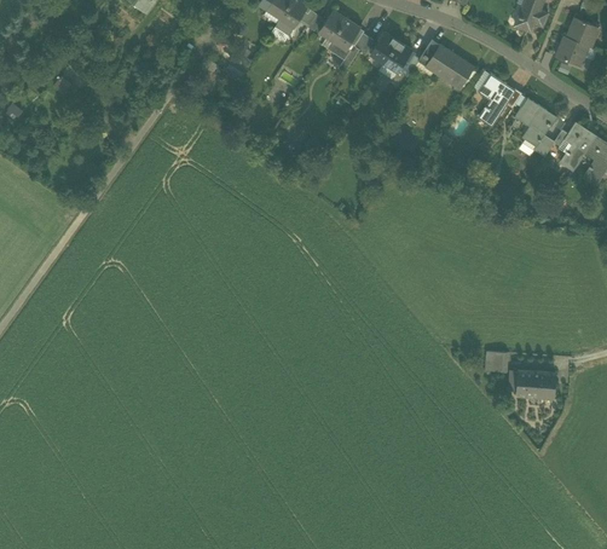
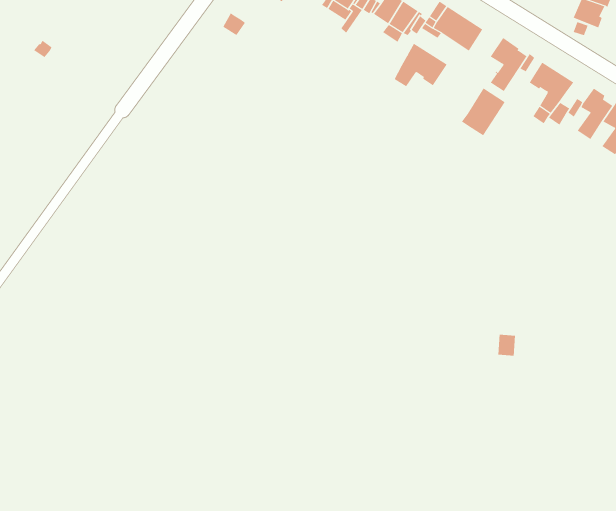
building: none -> [394,43,447,87]
building: none -> [461,87,506,136]
building: [516,370,555,397] -> none

